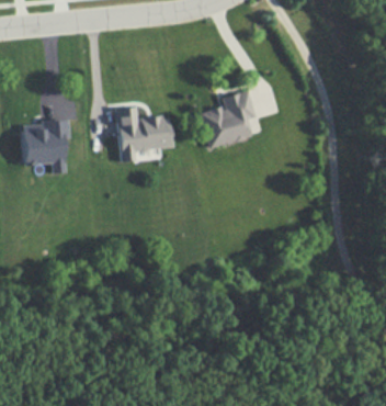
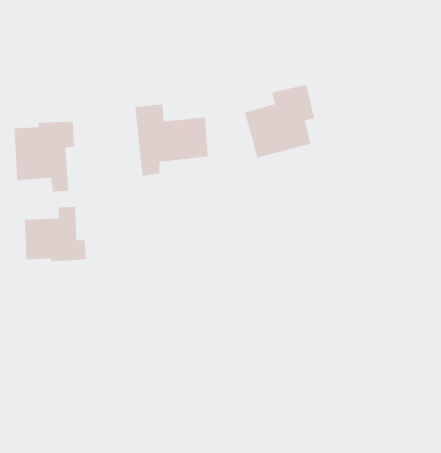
building: none -> [24,206,86,262]

